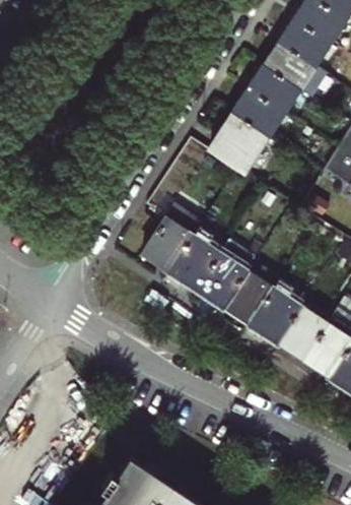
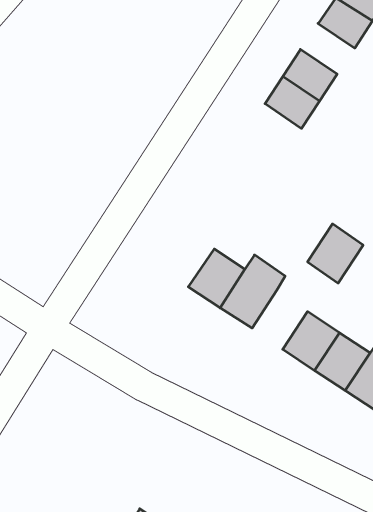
building: [267,44,313,87] -> none
building: [210,113,268,172] -> none
building: [143,207,201,270] -> none
building: [225,273,273,324] -> [308,224,363,283]

